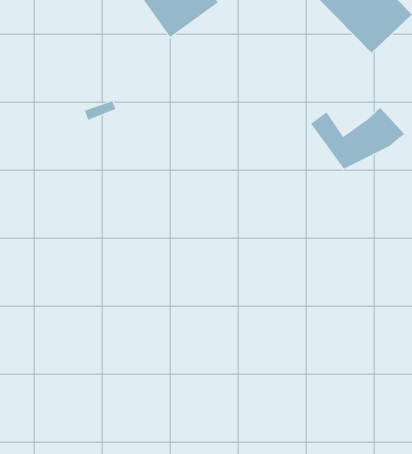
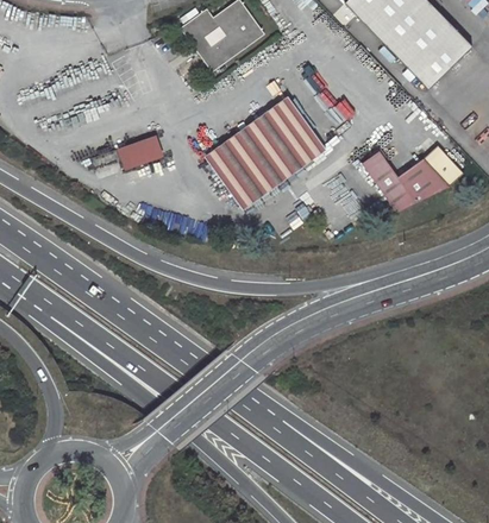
building: none -> [211,102,320,203]

